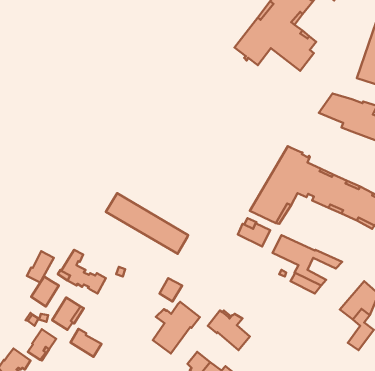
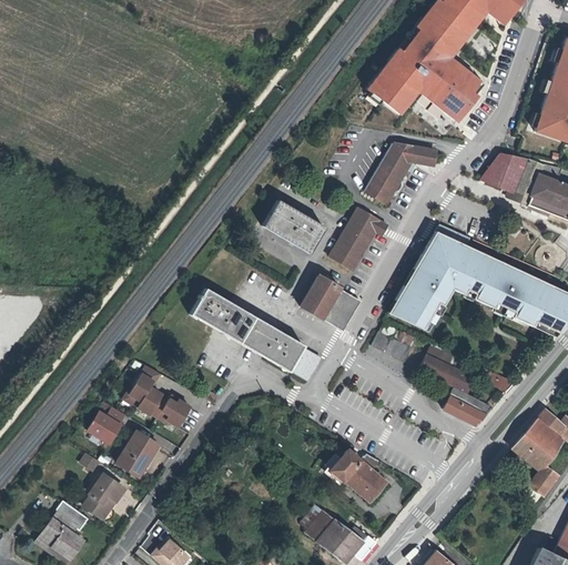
building: none -> [365,144,436,204]
building: none -> [263,201,324,254]
building: none -> [331,209,382,271]
building: none -> [301,275,362,331]
building: [27,251,54,283] -> none
building: [159,278,182,302] -> [291,349,322,381]
building: [153,302,200,354] -> none
building: [70,329,101,357] -> none

